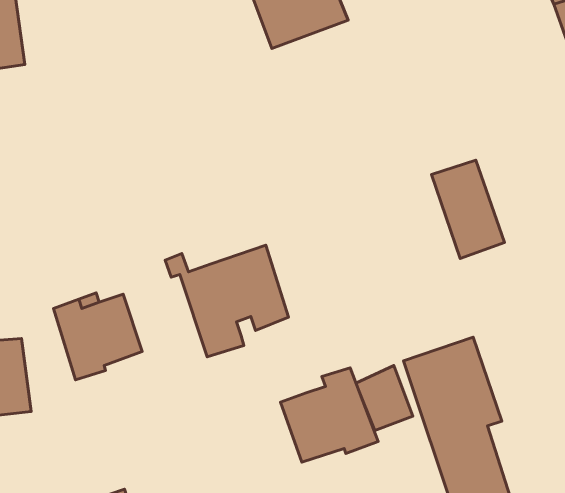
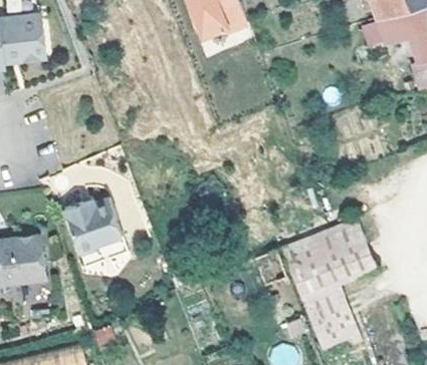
building: [431,160,504,258] -> [329,221,375,283]
building: [165,245,289,357] -> none
building: [280,368,378,462] -> none

